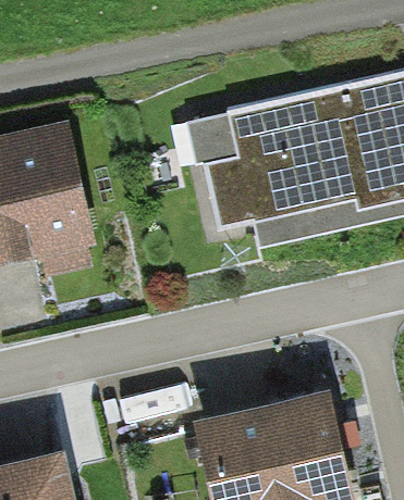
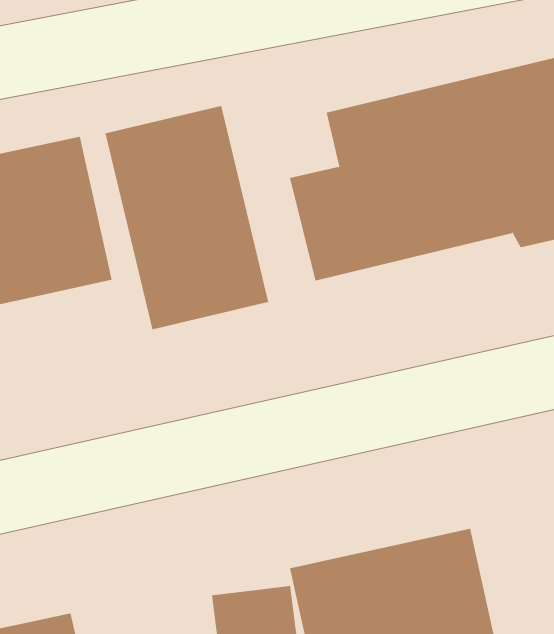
building: none -> [105,105,269,330]

